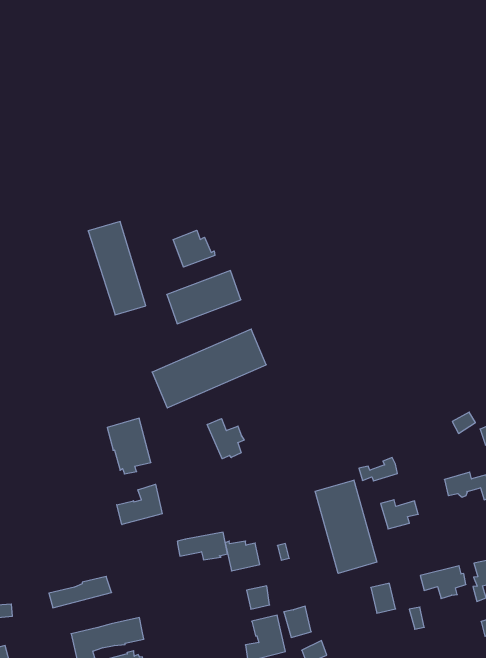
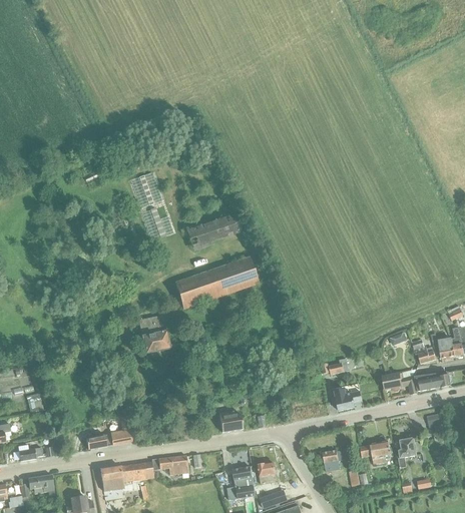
building: [173,230,215,267] -> none
building: [207,419,244,459] -> none
building: [315,480,377,573] -> none
building: [117,484,162,525] -> none
building: [177,532,228,560] -> [150,455,186,474]

